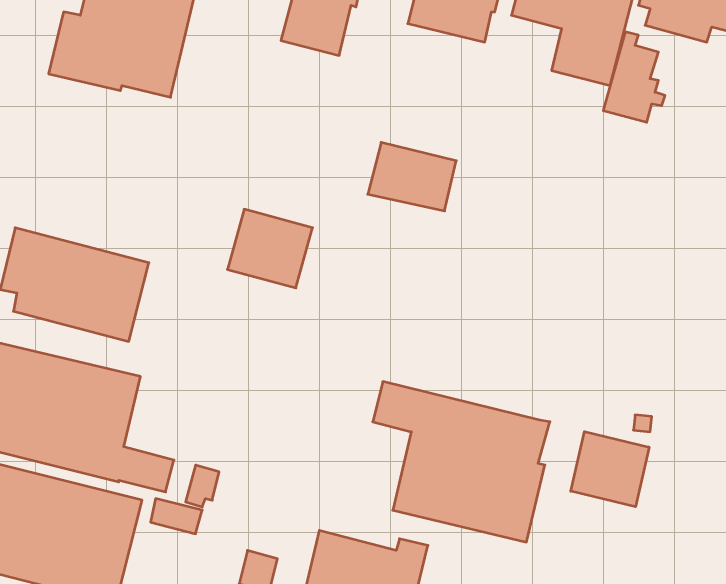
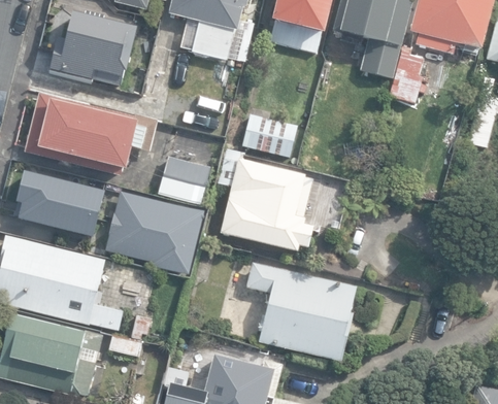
building: none -> [25,93,158,174]
building: none -> [218,147,313,250]
building: none -> [103,187,206,274]
building: [571,432,649,507] -> none

